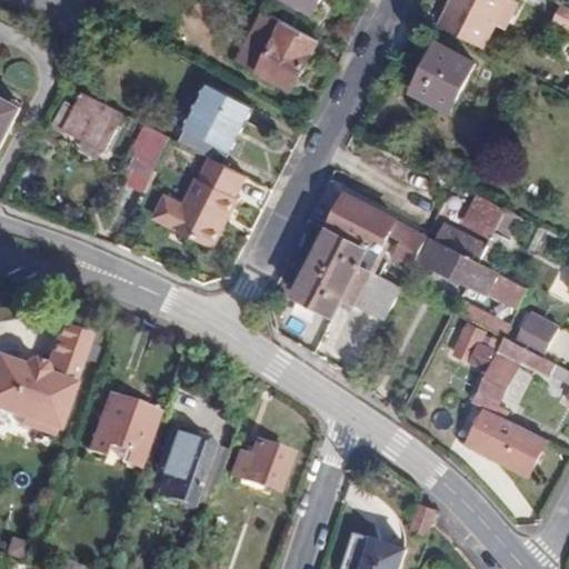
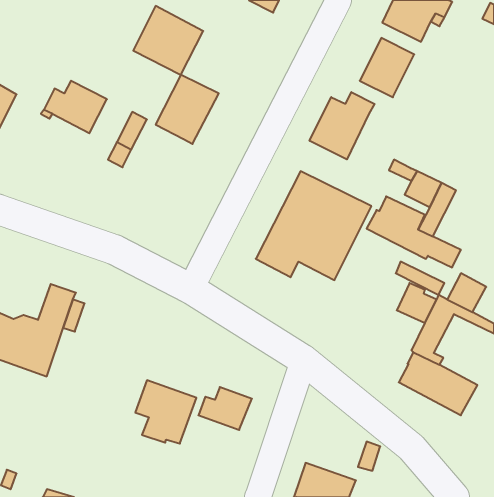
building: [237,11,317,90] -> [133,6,203,75]
building: none -> [310,92,375,159]
building: [153,159,244,248] -> none
building: [86,397,159,468] -> none

